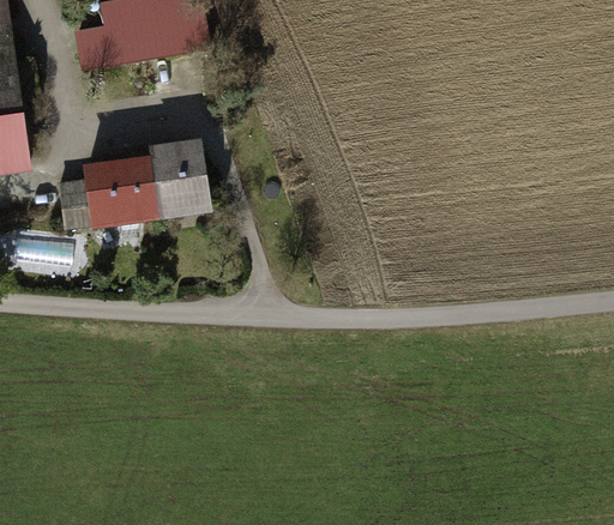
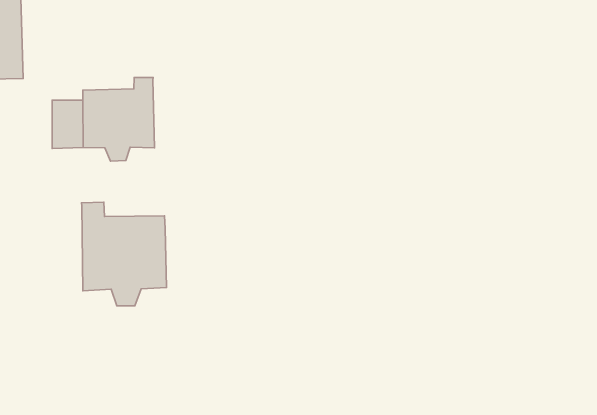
building: [154,143,209,213] -> none
building: none -> [81,202,167,306]

